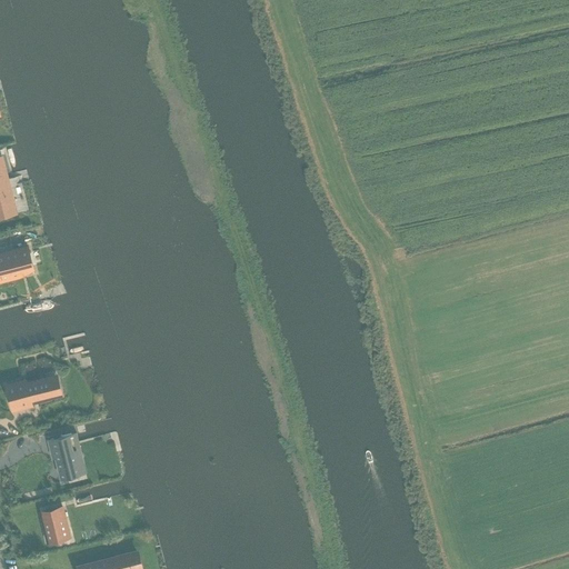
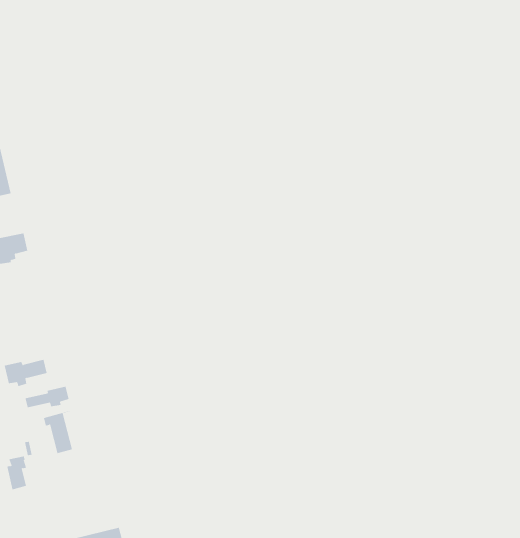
building: none -> [25,386,69,408]
building: [43,508,69,543] -> [7,456,31,490]

